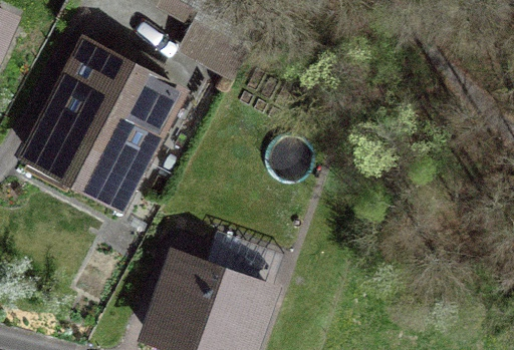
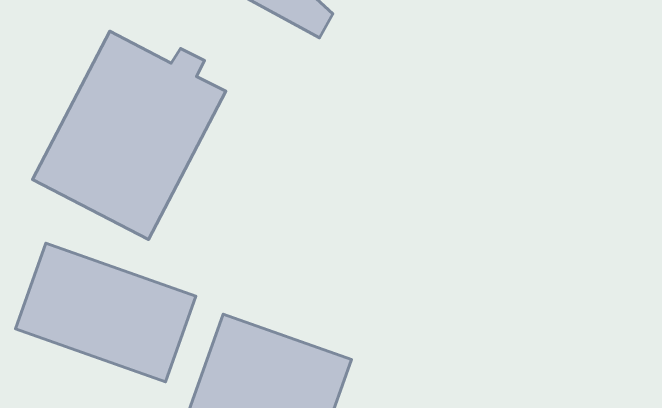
building: none -> [15,243,196,382]

